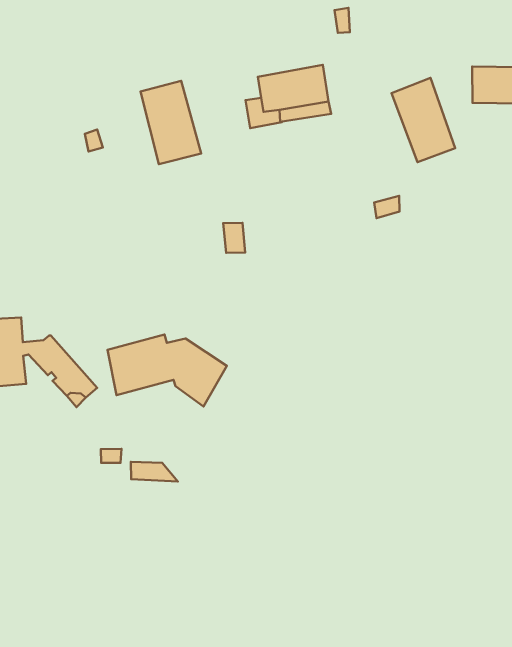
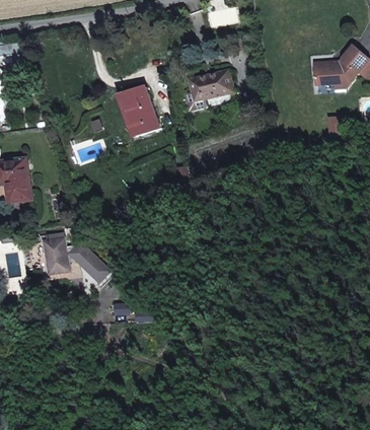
building: [391,78,455,162] -> none
building: [107,334,227,407] -> none

